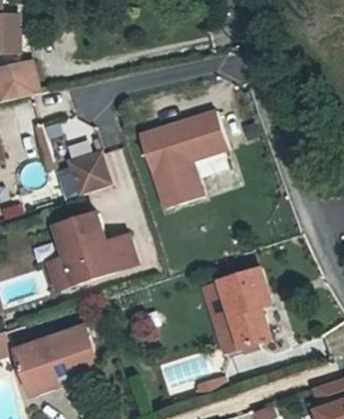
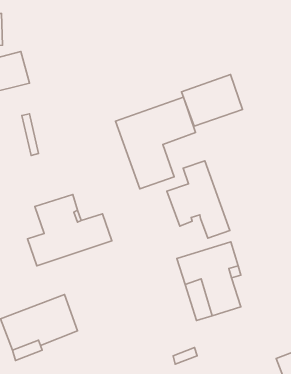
building: none -> [181,74,242,126]
building: [67,151,111,193] -> none
building: none -> [167,161,230,238]

